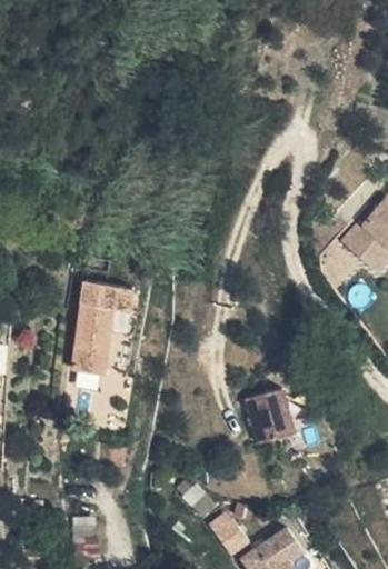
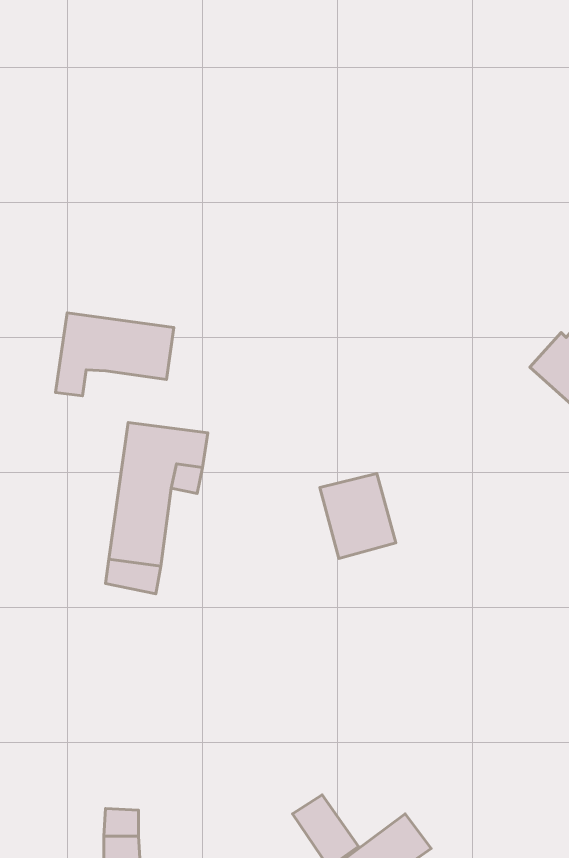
building: none -> [55,313,174,396]
building: [248,387,297,441] -> [320,474,396,558]

